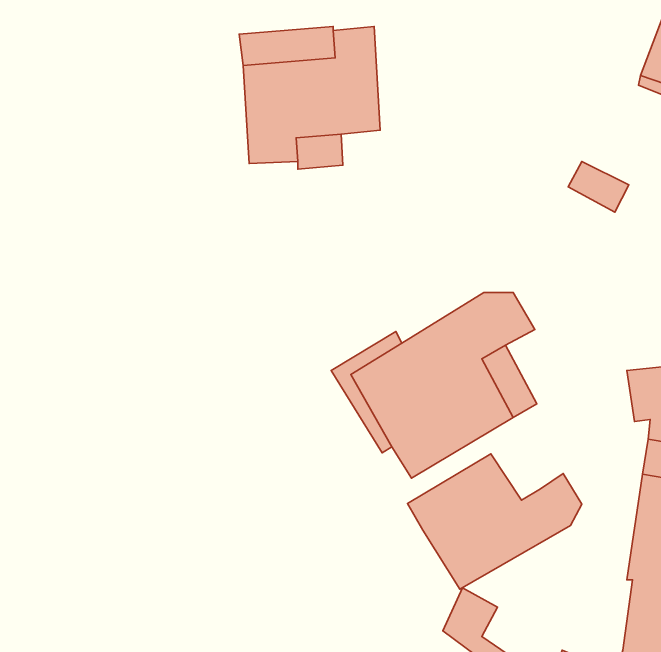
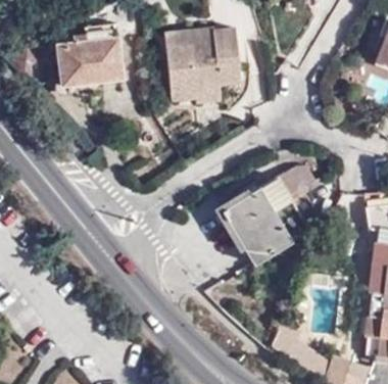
building: none -> [58,23,123,83]
building: [408,454,582,589] -> none

